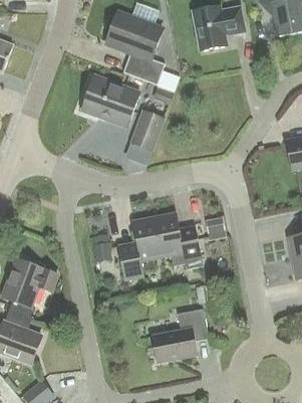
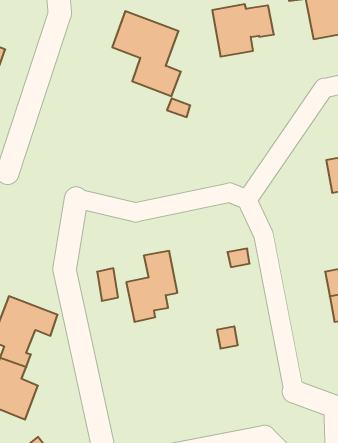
building: [81,75,139,126] -> none
building: [130,109,165,150] -> none
building: [155,214,203,268] -> none
building: [152,309,209,362] -> none

